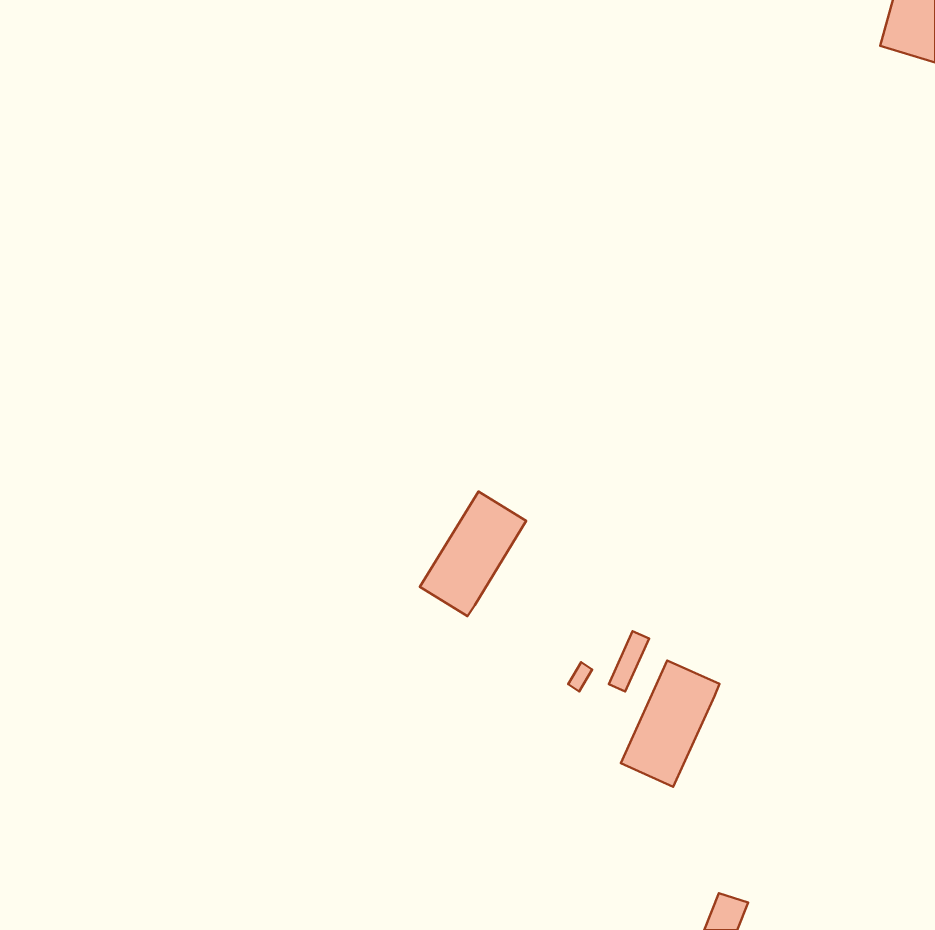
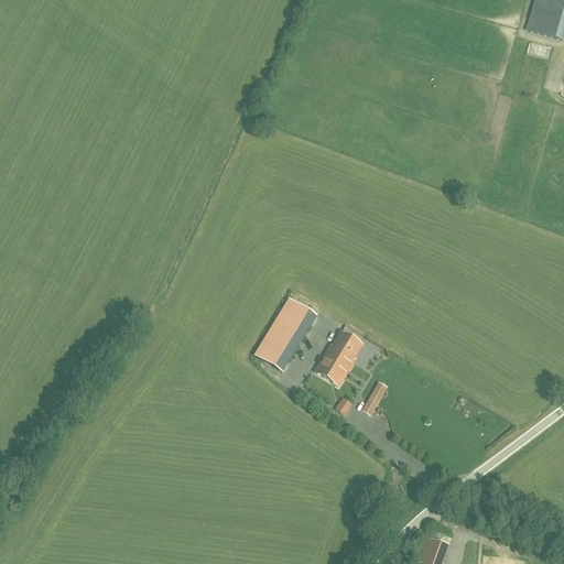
building: none -> [314,329,361,384]
building: [621,660,719,787] -> none

